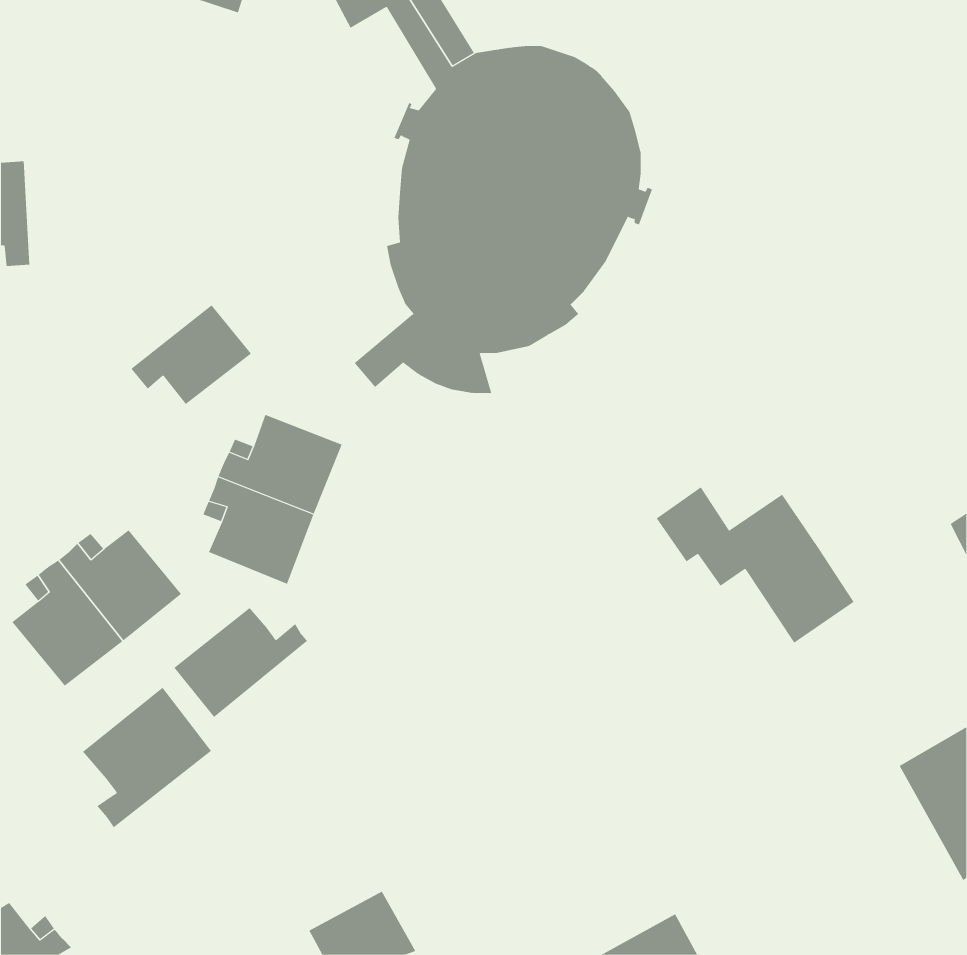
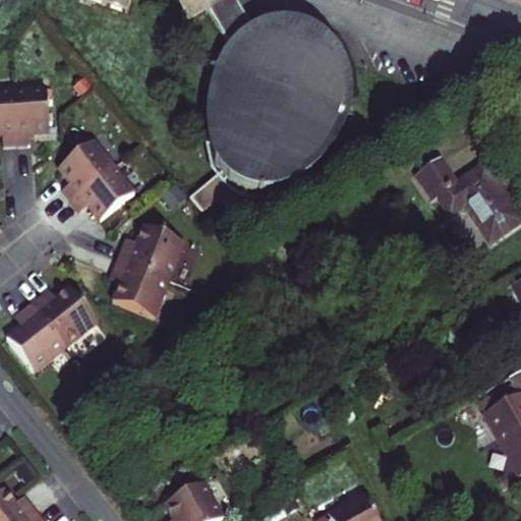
building: none -> [13,84,49,142]
building: none -> [58,137,114,198]
building: [656,486,854,643] -> [408,162,515,246]
building: [174,607,308,718] -> none
building: [82,687,212,828] -> none

